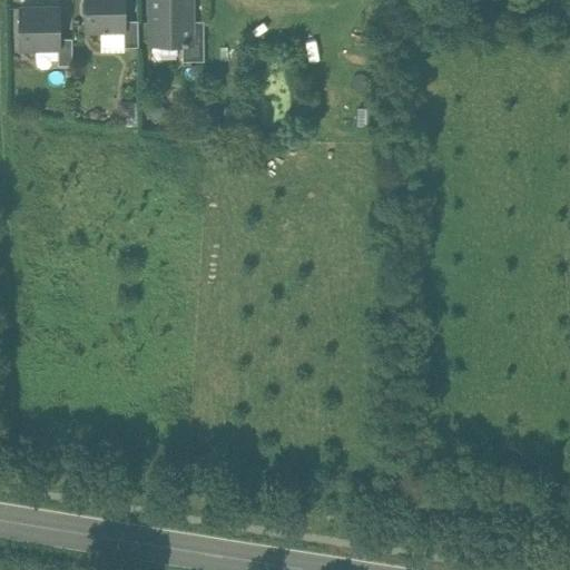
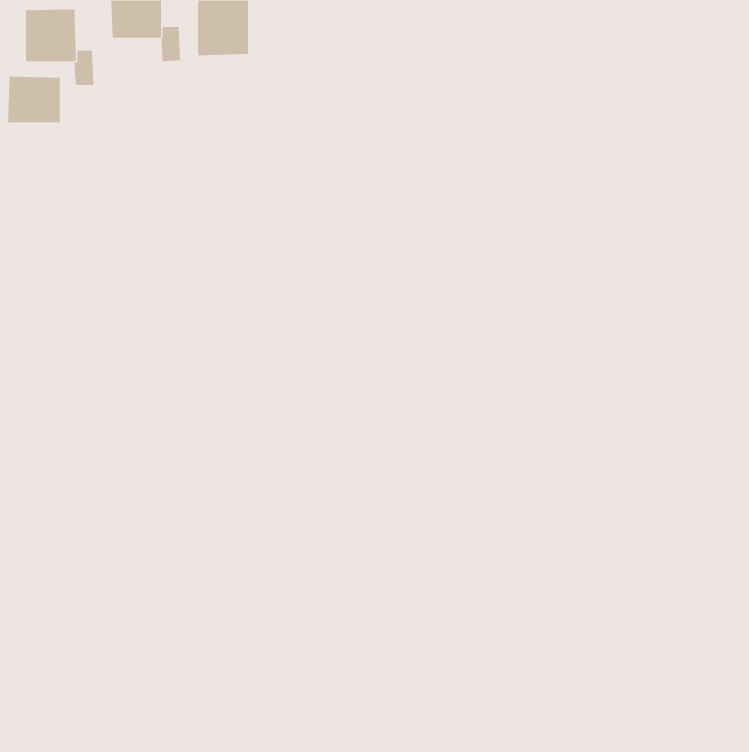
building: [180,20,203,60] -> none
building: none -> [8,76,60,123]

